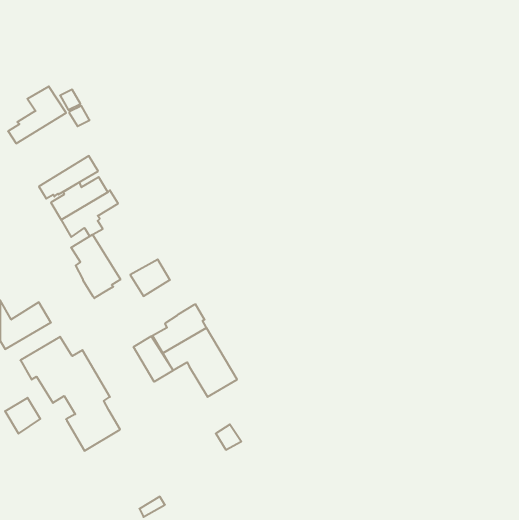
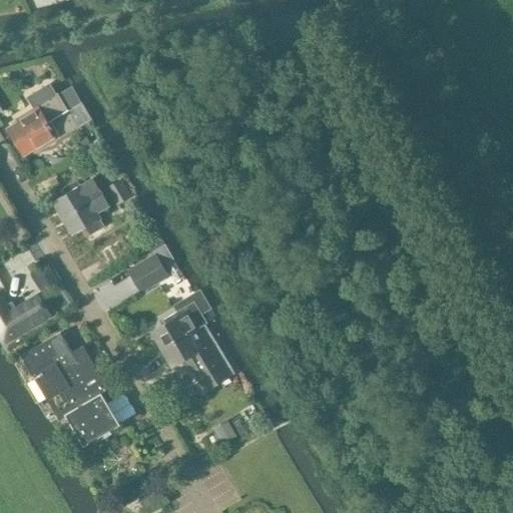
building: [39,156,98,199] -> [17,111,75,153]
building: [71,235,120,298] -> none
building: [134,336,173,382] -> none
building: [5,398,40,434] -> none

